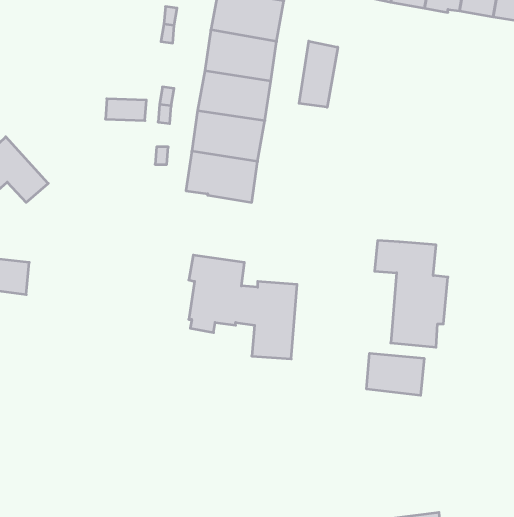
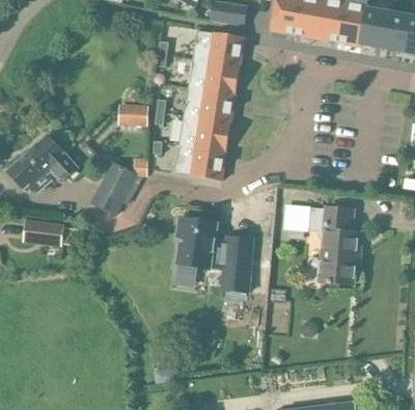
building: [299,41,338,107] -> none
building: none -> [91,161,137,215]
building: [367,353,424,395] -> none

